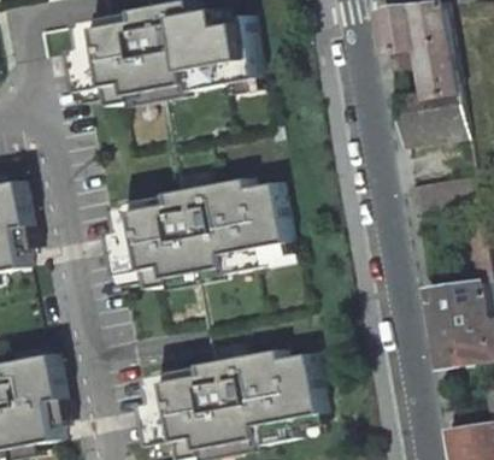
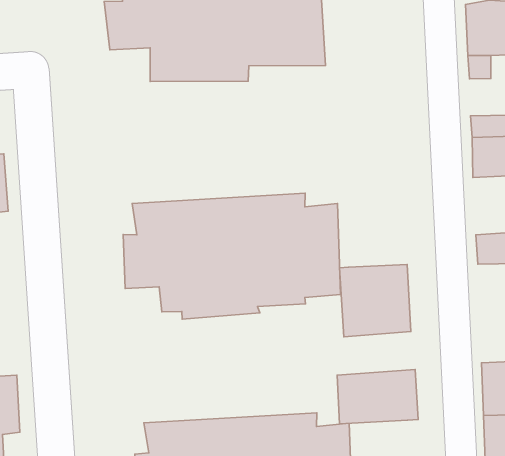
building: none -> [340,264,411,337]
building: none -> [337,369,418,424]

